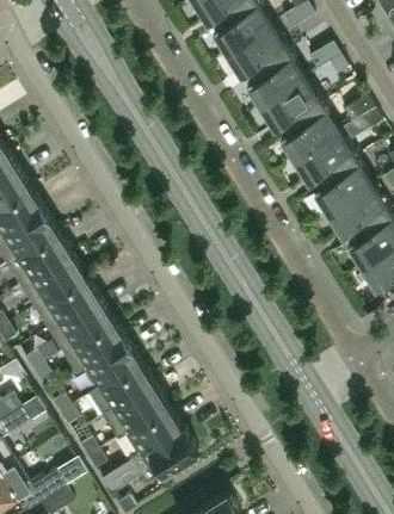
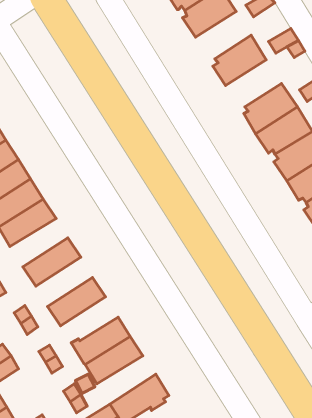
building: [227,23,289,75] -> none
building: [260,76,322,129] -> none
building: [20,253,85,306] -> none
building: [49,296,112,351] -> none
building: [76,340,141,389] -> none
building: [117,405,183,459] -> none

